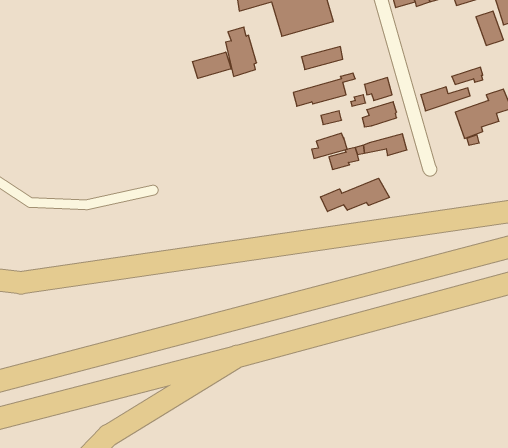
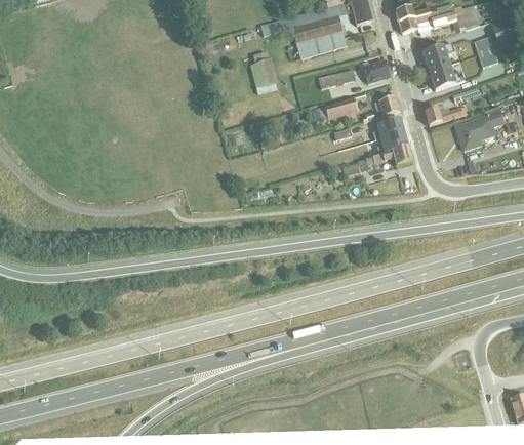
building: none -> [422,42,463,89]
building: none -> [362,60,389,82]
building: [192,52,231,78] -> none
building: [312,133,347,158] -> [376,131,408,154]
building: [321,178,389,212] -> none

